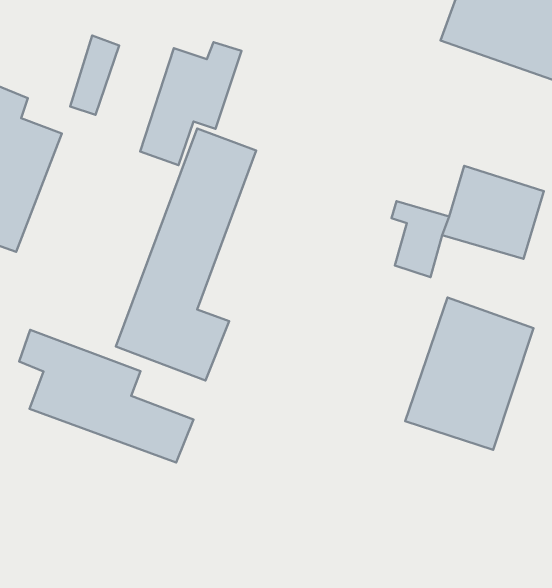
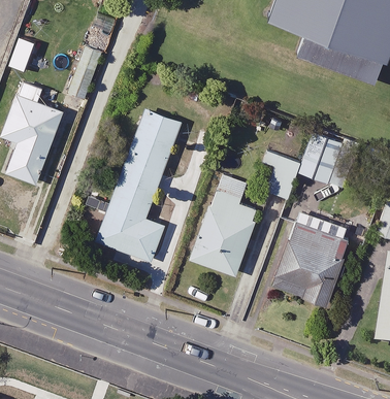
building: [140,42,242,165] -> none
building: none -> [190,174,259,274]
building: [19,330,193,462] -> none

